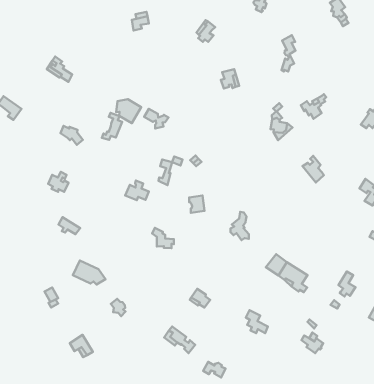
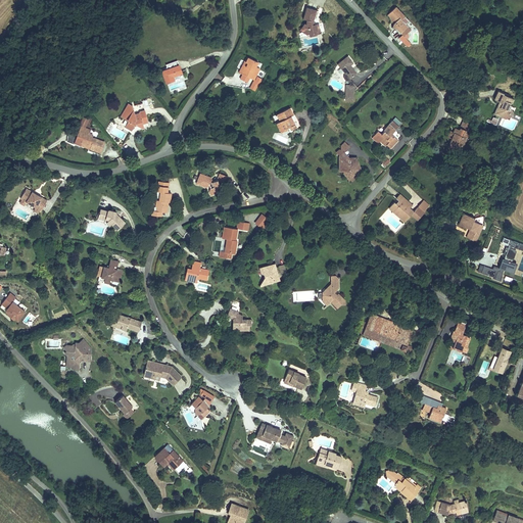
building: none -> [120,103,146,132]
building: [116,99,141,123] -> none
building: none -> [63,341,90,372]

